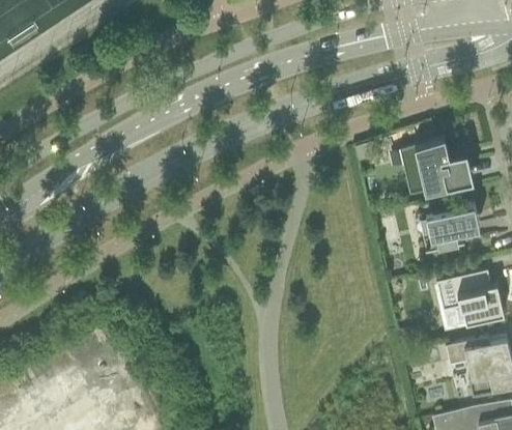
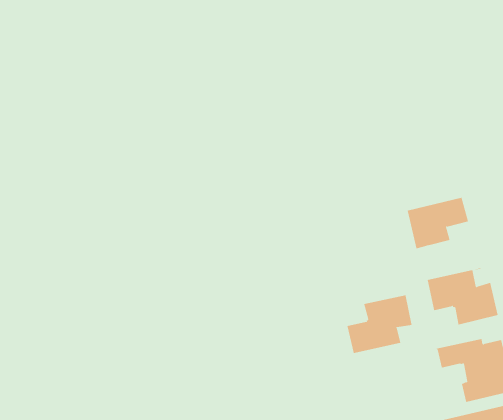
building: [405,137,471,196] -> none
building: none -> [347,295,412,354]

